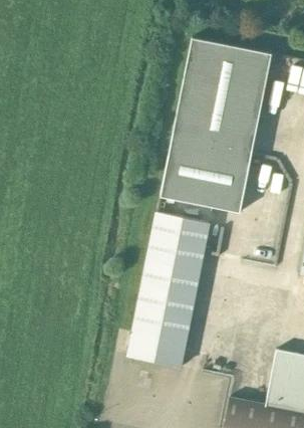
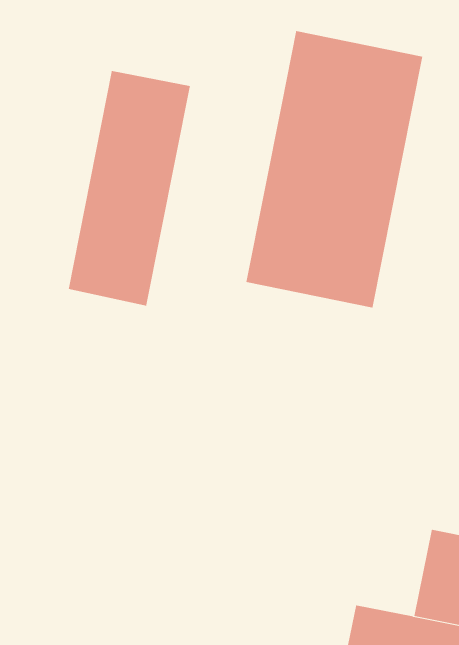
building: none -> [68,70,190,307]
building: [127,212,209,366] -> none

